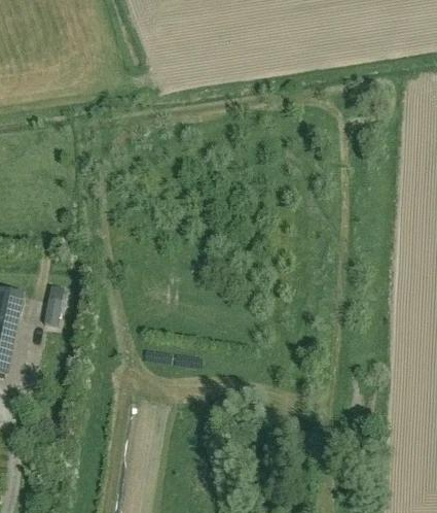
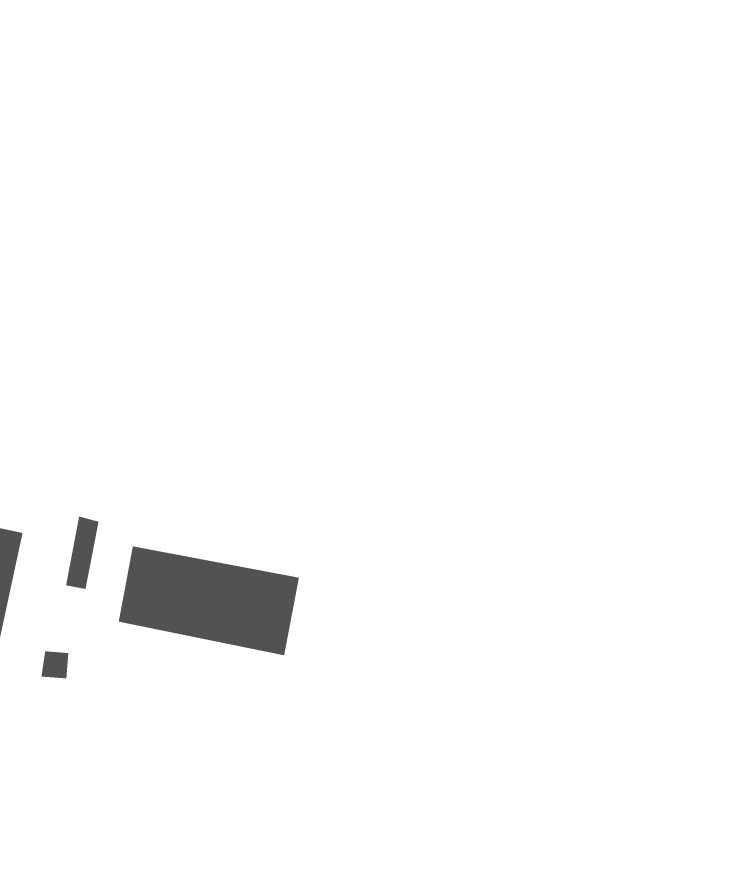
building: none -> [118,546,300,656]

